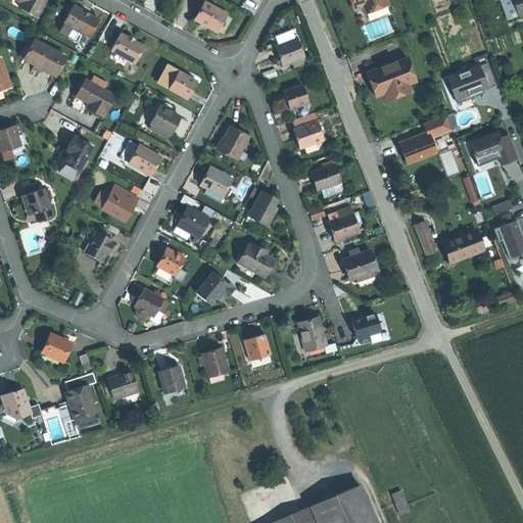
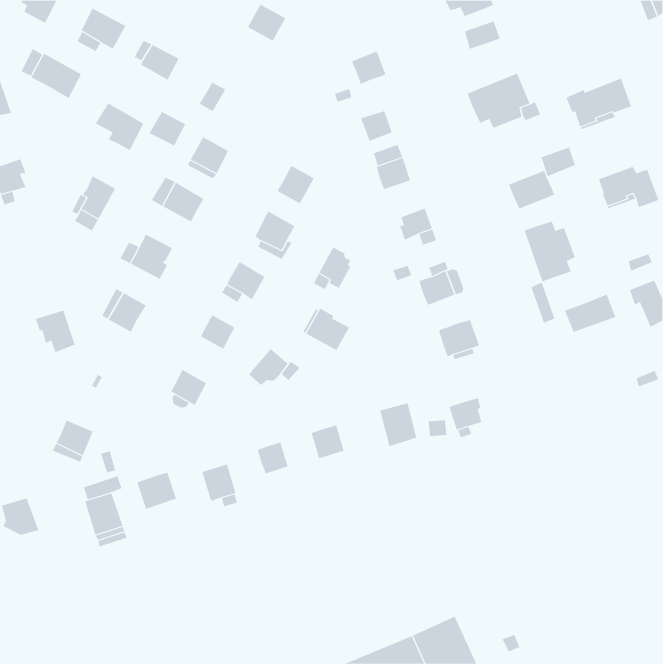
building: [168,70,197,98] -> [149,111,186,146]
building: none -> [524,221,575,282]
building: [20,190,52,224] -> [35,310,76,353]

